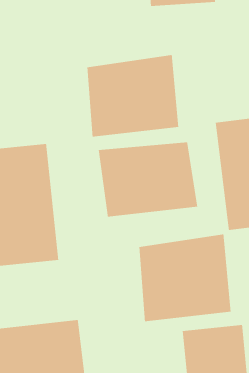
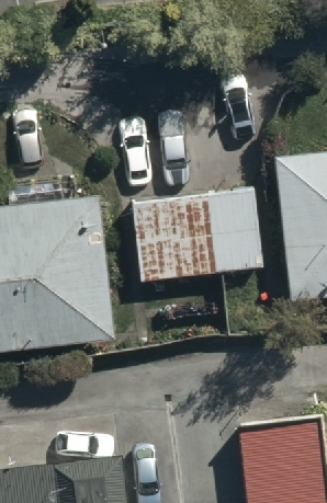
building: [86,54,179,137] -> none
building: [138,234,231,322] -> none

